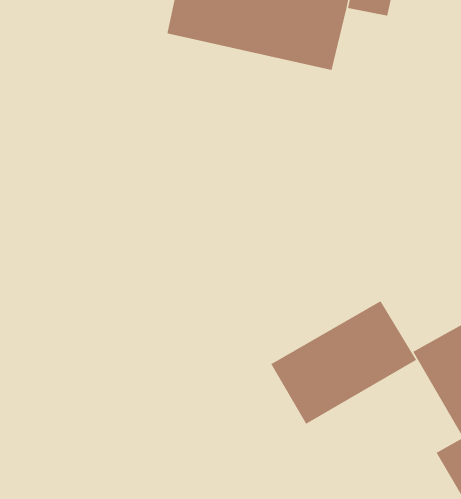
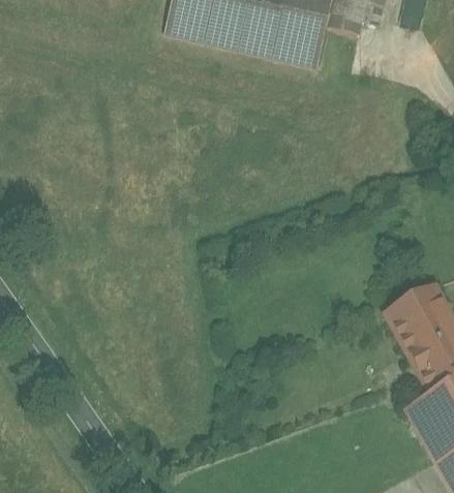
building: [270,300,417,425] -> none

